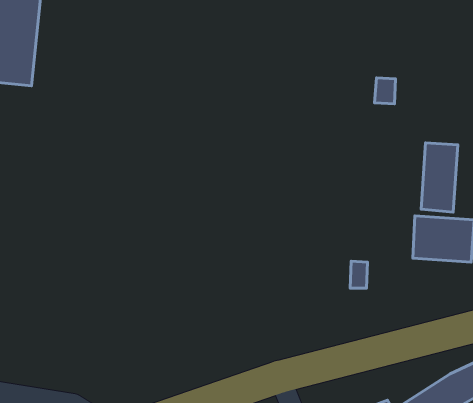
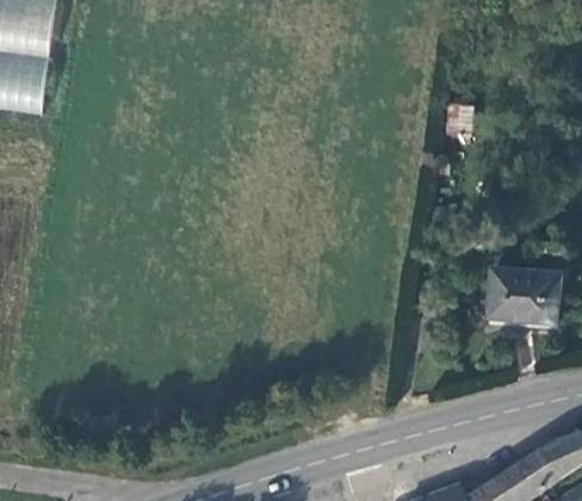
building: [421,143,458,212] -> none

